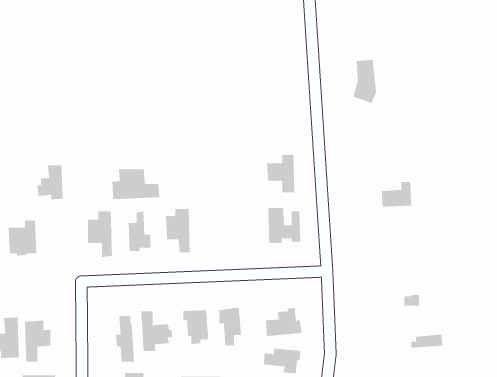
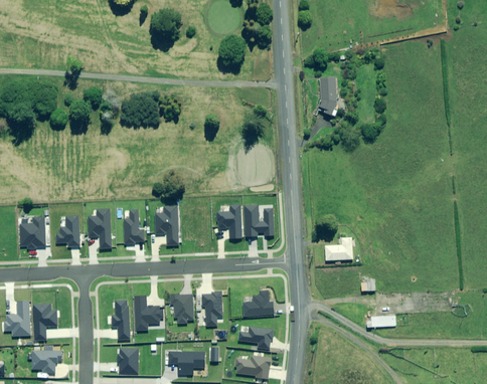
building: [266,155,295,193] -> [217,204,242,237]
building: [37,165,63,200] -> [56,215,79,245]
building: [112,169,160,200] -> none
building: [381,181,412,207] -> [326,237,353,259]

